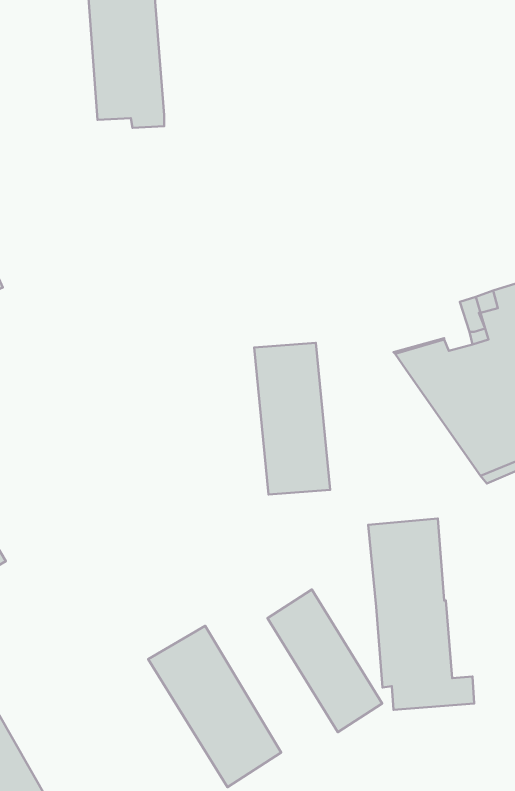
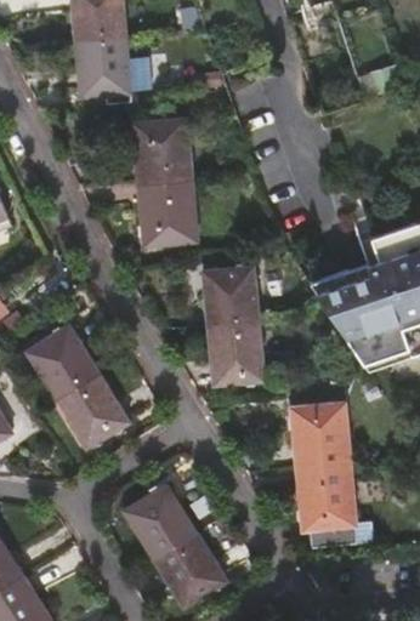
building: none -> [134,120,198,246]
building: none -> [25,326,127,448]
building: [268,590,382,732] -> none

